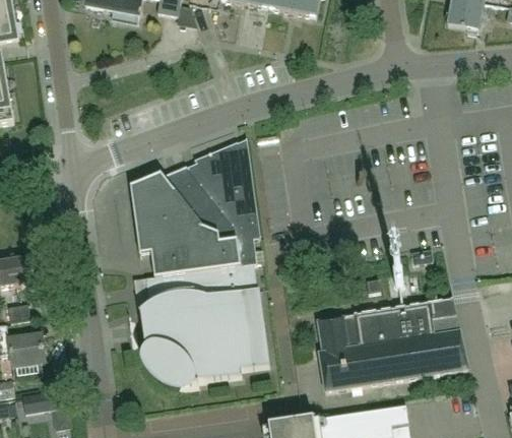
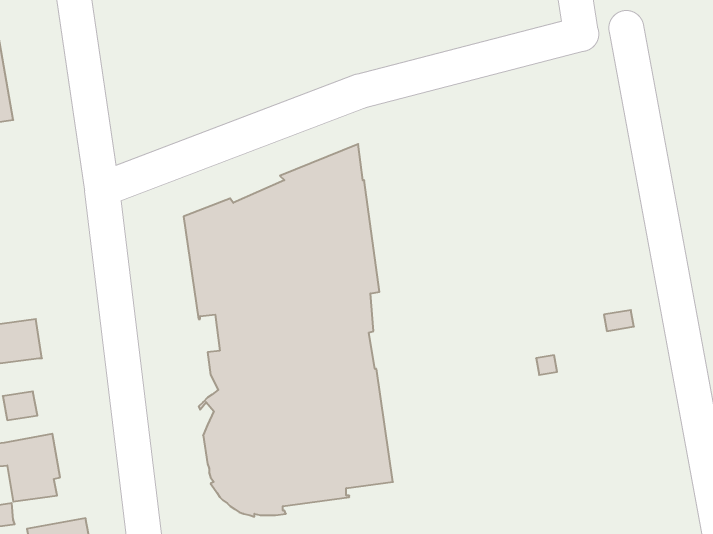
building: [318,297,469,391] -> none

